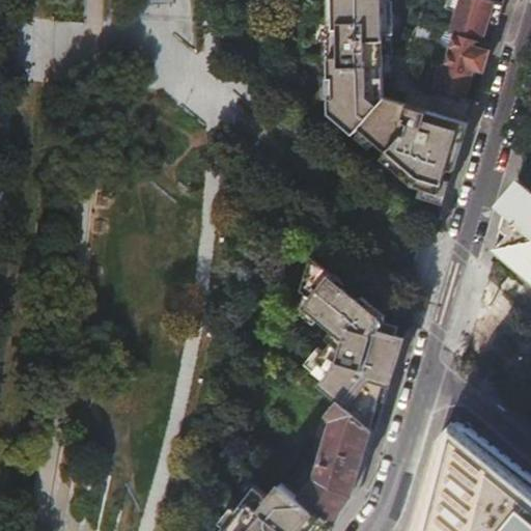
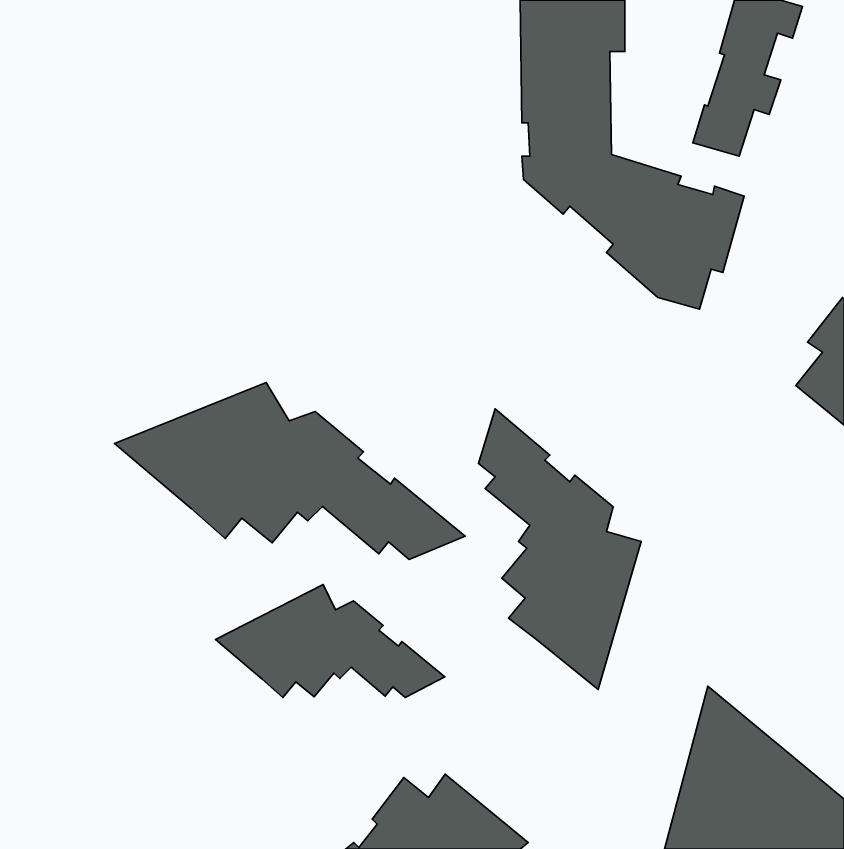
building: none -> [114,383,465,559]
building: none -> [216,584,445,698]
building: [296,399,373,526] -> none

